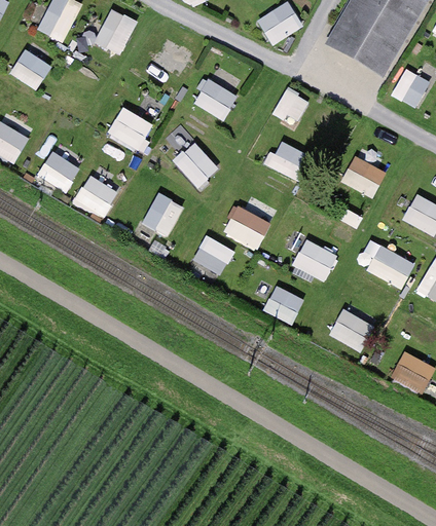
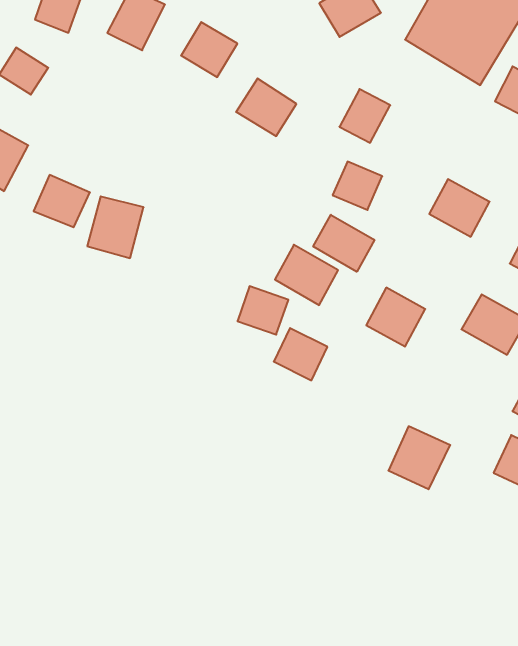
building: [106,105,153,151] -> none
building: [173,141,219,188] -> none
building: none -> [313,215,374,272]
building: [142,192,184,236] -> none
building: [263,285,304,325] -> [274,328,327,380]
building: [329,302,376,350] -> [388,426,450,489]

